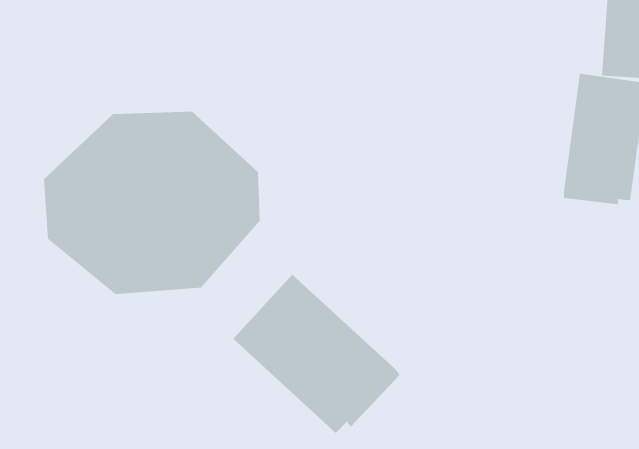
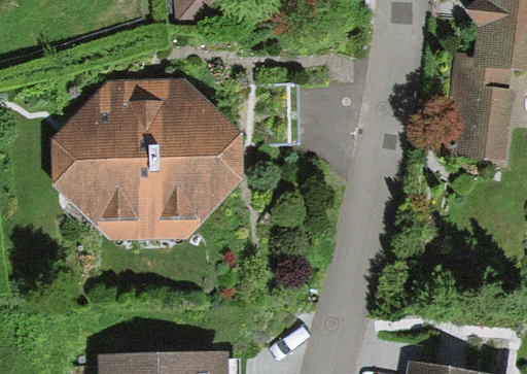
building: [232,274,400,434] -> none

